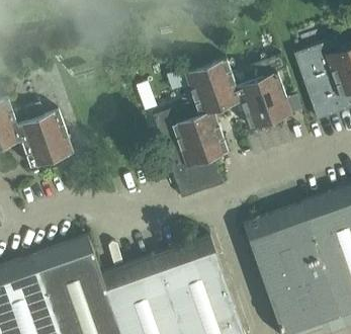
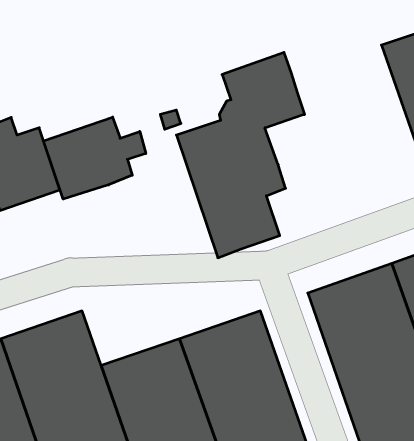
building: [237,56,301,129] -> none
building: none -> [44,117,146,199]

